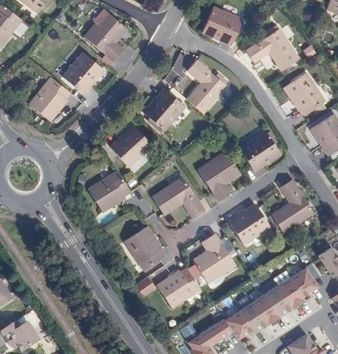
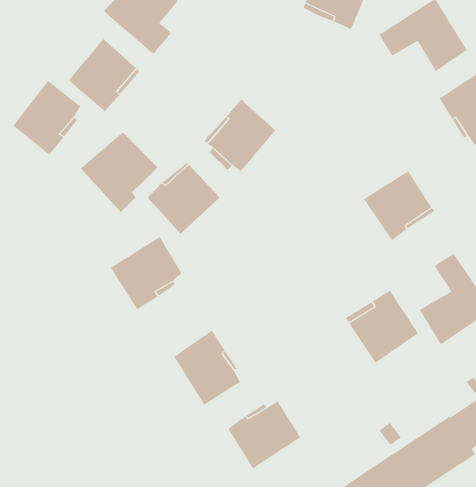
building: [187,59,227,114] -> none
building: none -> [80,131,159,213]
building: [198,150,242,201] -> none
building: [152,176,204,218] -> none
building: [193,233,237,284] -> none

